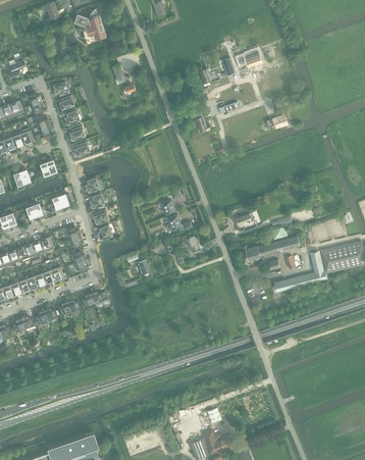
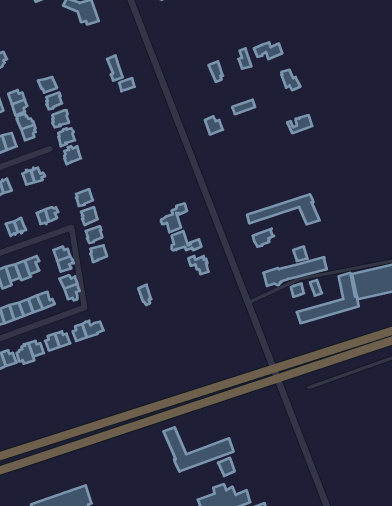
building: none -> [247,194,320,224]
building: none -> [164,427,233,472]

